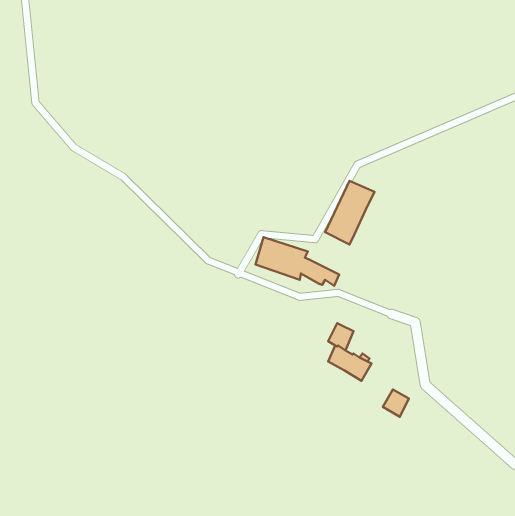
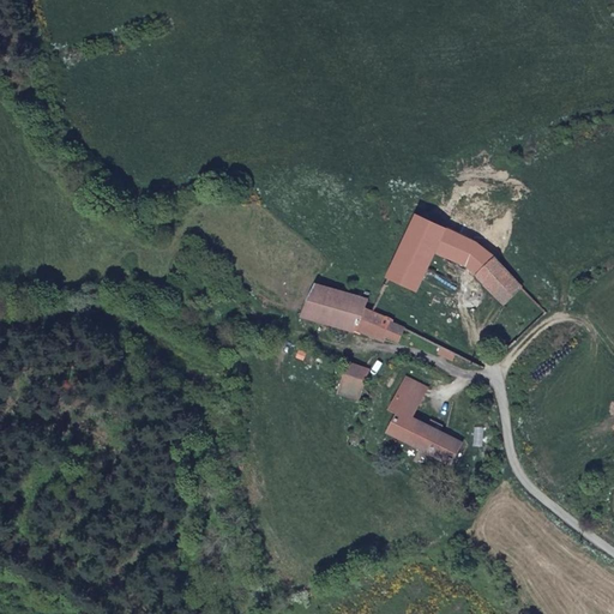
building: none -> [434,228,518,301]
building: none -> [335,361,366,398]
building: [383,390,409,417] -> [429,432,460,464]

